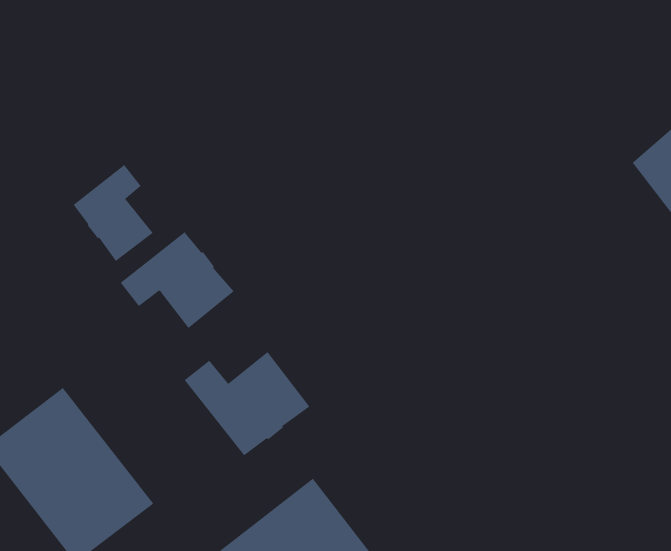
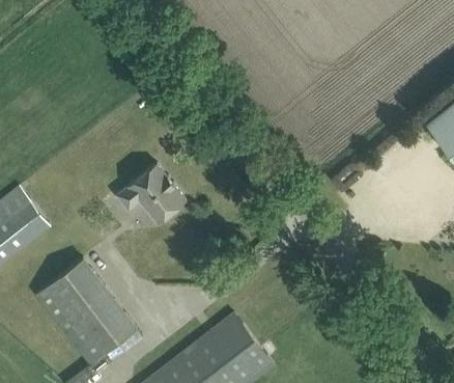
building: [73,164,153,262] -> none
building: [184,351,310,456] -> none

